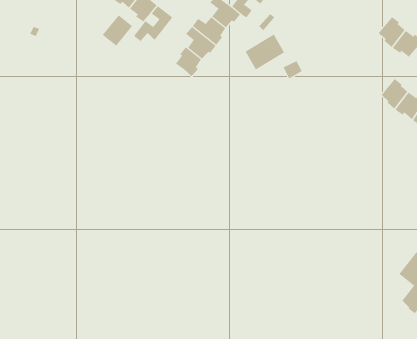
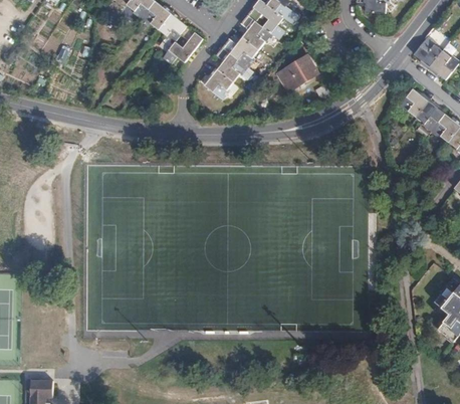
building: [102,15,133,46] -> none
building: none -> [399,88,431,117]

